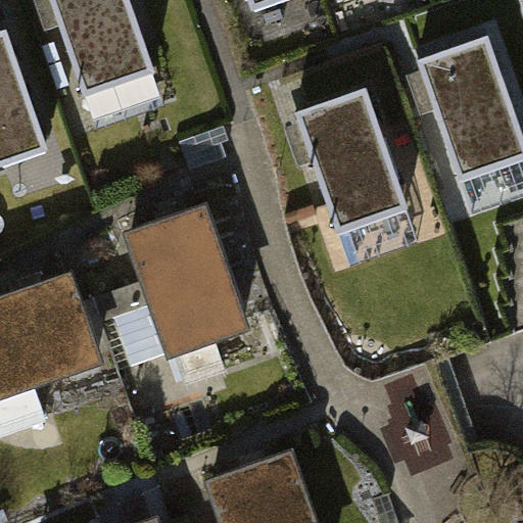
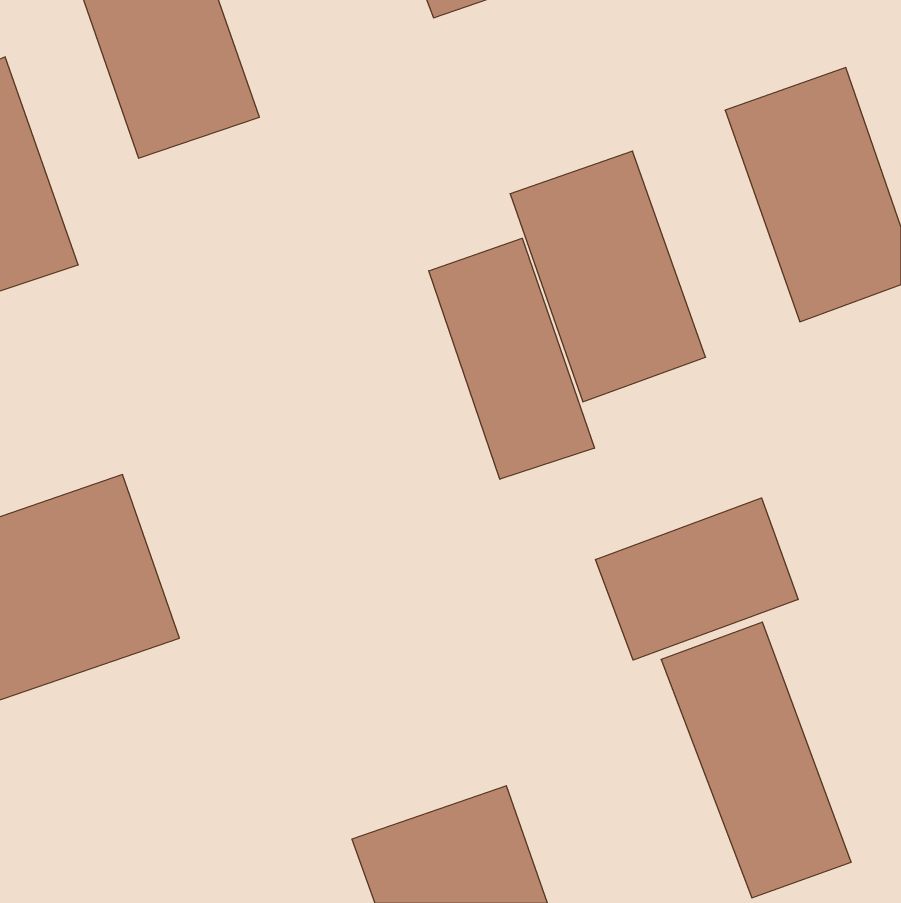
building: none -> [429,238,594,479]
building: [122,205,250,362] -> none
building: none -> [596,498,798,660]

